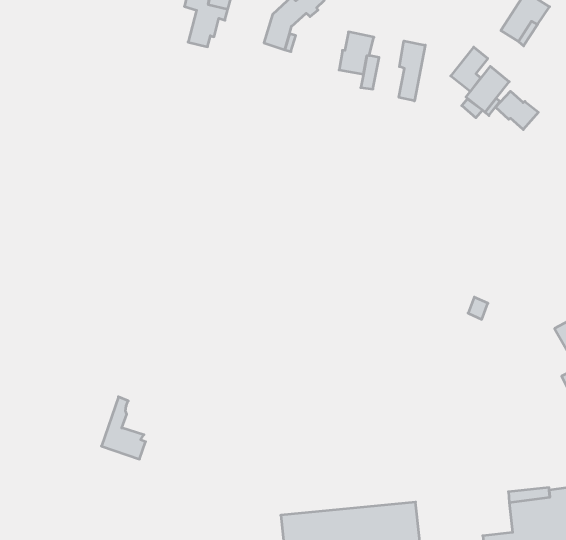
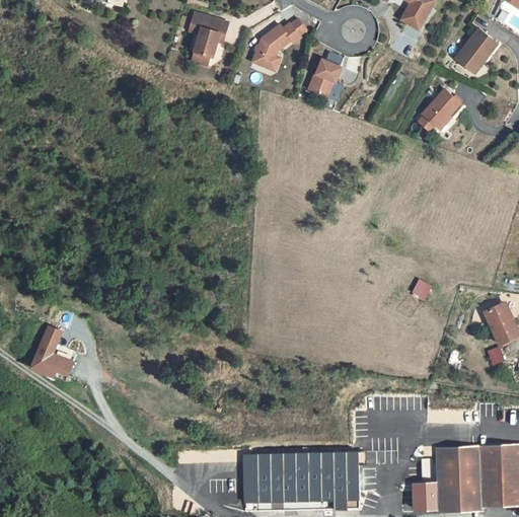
building: [399,41,425,101] -> none
building: [451,47,488,92] -> none
building: [496,91,538,130] -> none
building: [101,397,146,459] -> [34,325,72,379]

